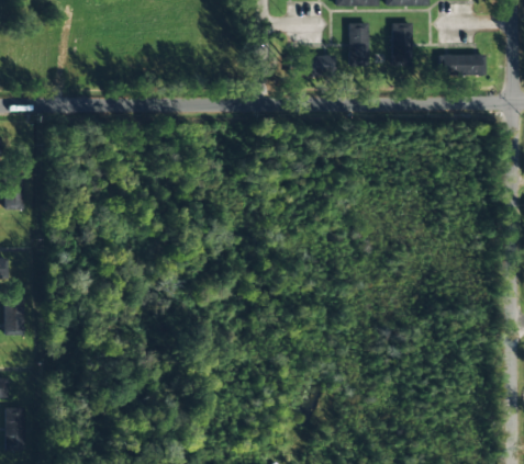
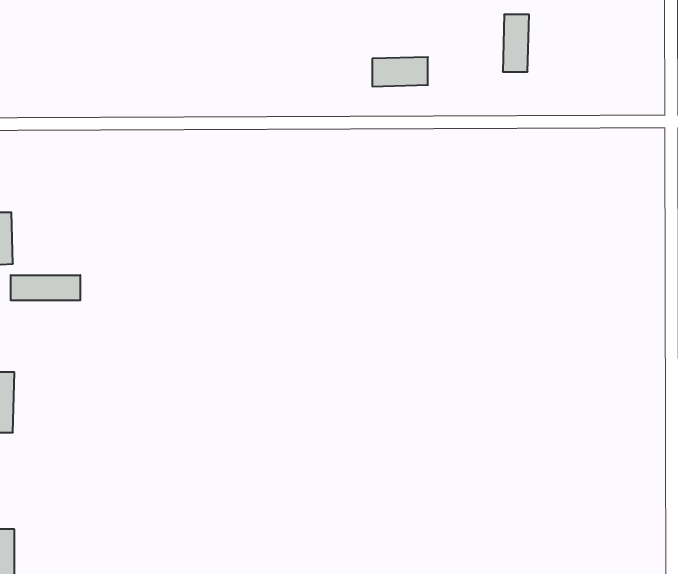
building: [347,23,368,66] -> none
building: [439,55,484,76] -> none
building: none -> [11,275,80,300]

